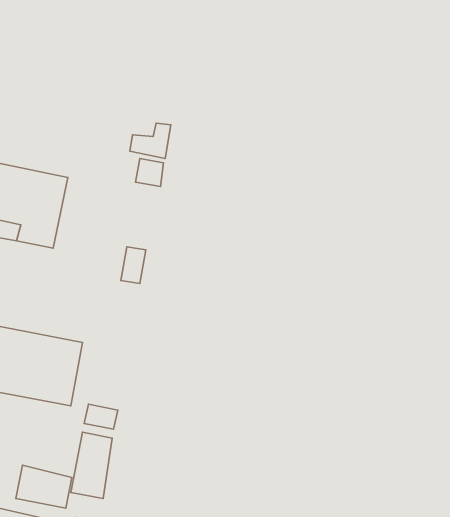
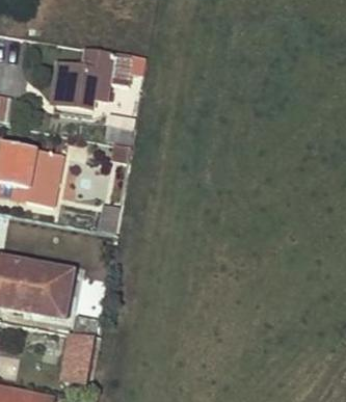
building: none -> [51,50,131,108]
building: [16,465,72,508] -> none

